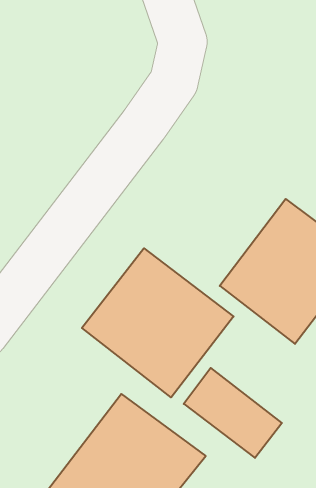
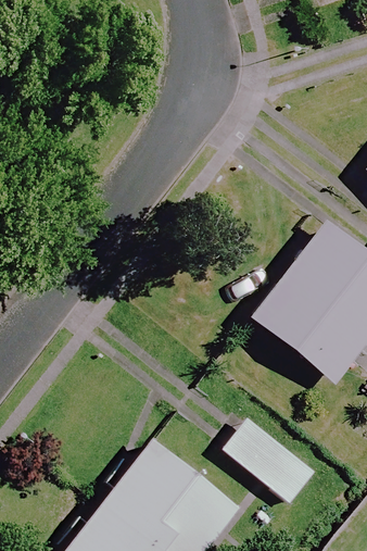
building: [82,248,234,397] -> none

